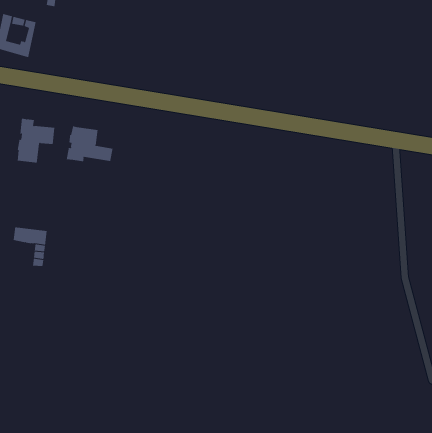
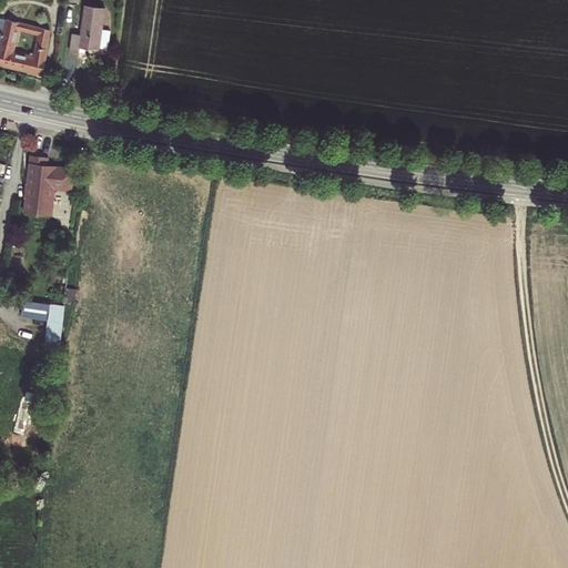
building: none -> [75,9,111,55]
building: [66,126,113,162] -> none

